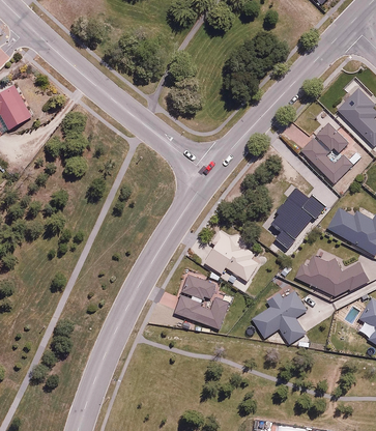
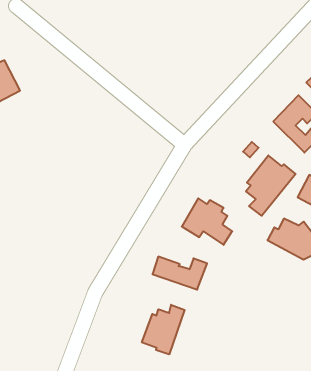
building: [180,272,216,299] -> none
building: [251,288,309,346] -> none
building: none -> [142,305,185,354]

